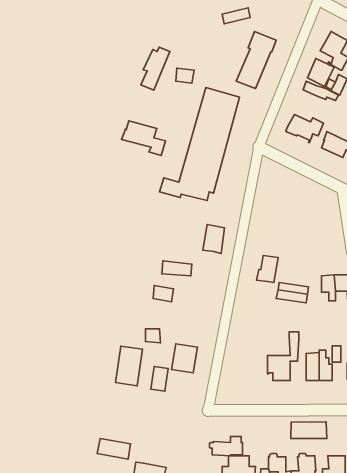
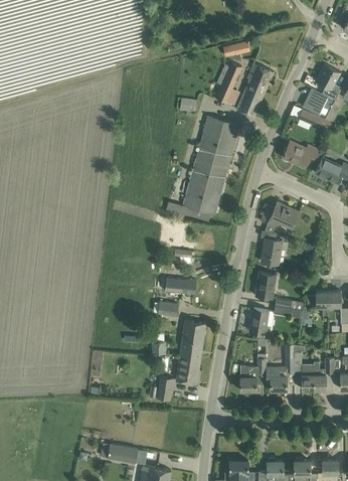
building: [141,47,170,90] -> [214,62,241,103]
building: [121,121,165,156] -> none
building: none -> [265,201,299,233]
building: [203,224,225,254] -> [262,237,282,265]
building: none -> [250,308,269,336]
building: none -> [240,353,266,389]
building: [115,346,142,386] -> [180,321,205,358]
building: [291,422,327,439] -> none
building: [209,437,242,456] -> none

